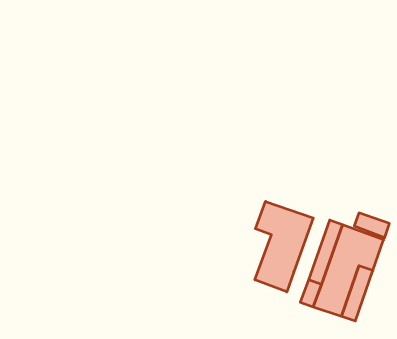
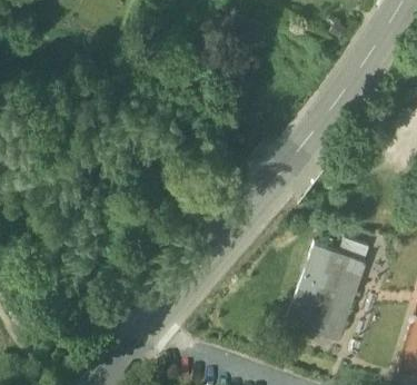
building: [255,201,313,292] -> none

